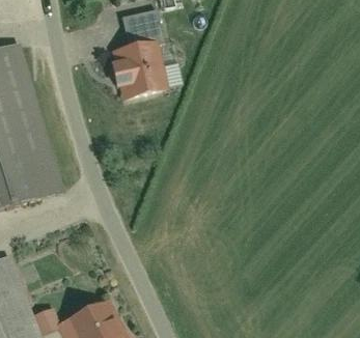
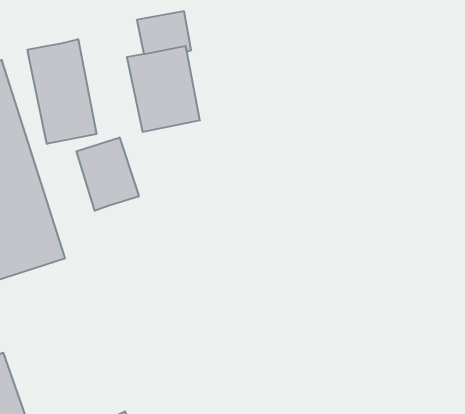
building: none -> [28,39,96,144]
building: none -> [76,137,139,211]

